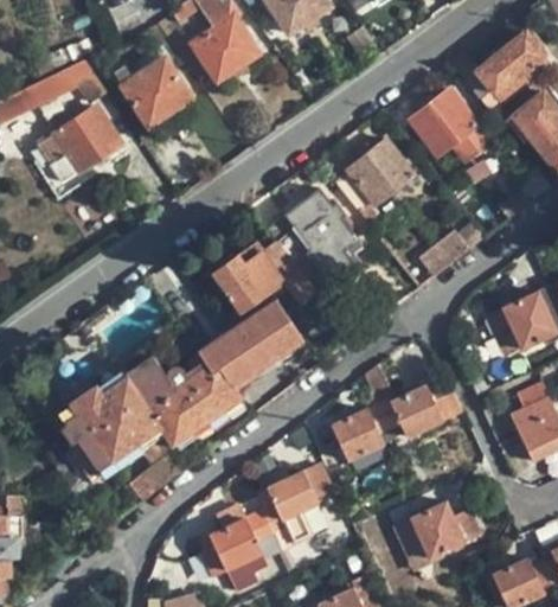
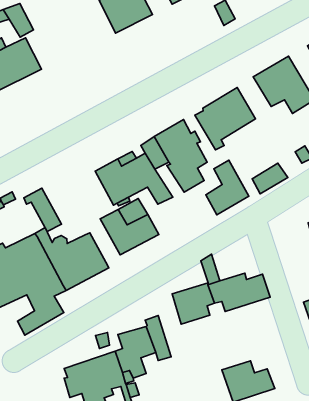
building: [118,55,194,130] -> none
building: none -> [206,160,249,215]
building: [201,334,256,391] -> [24,188,61,231]

